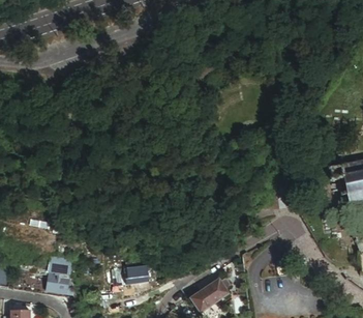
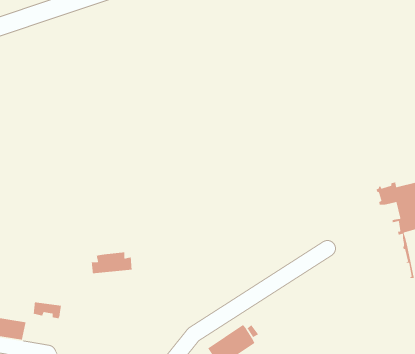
building: [119,264,153,283] -> [91,251,133,274]
building: [44,268,68,292] -> none

